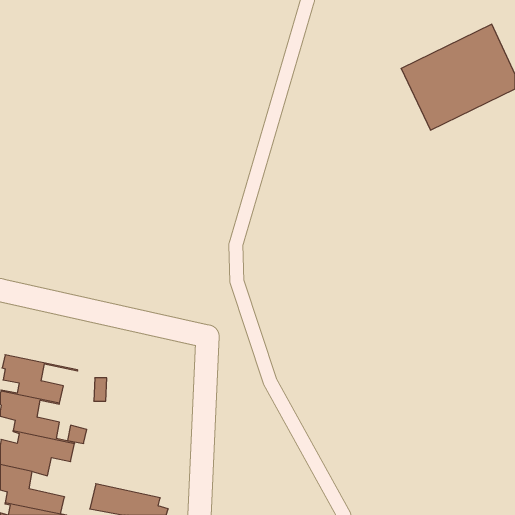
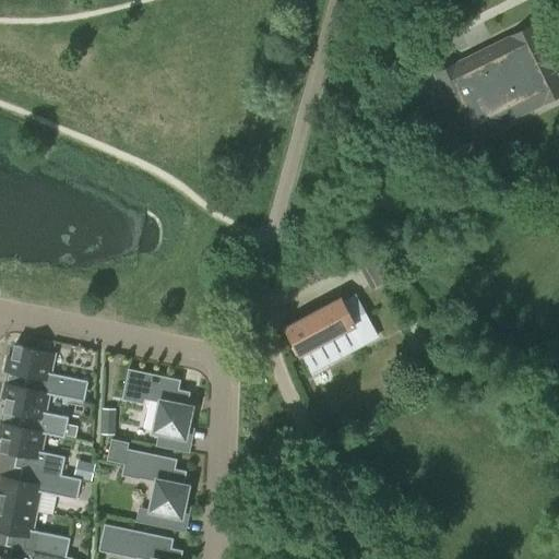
building: none -> [284,297,377,360]
building: none -> [4,345,88,401]
building: none -> [121,369,190,438]
building: none -> [106,439,187,518]

